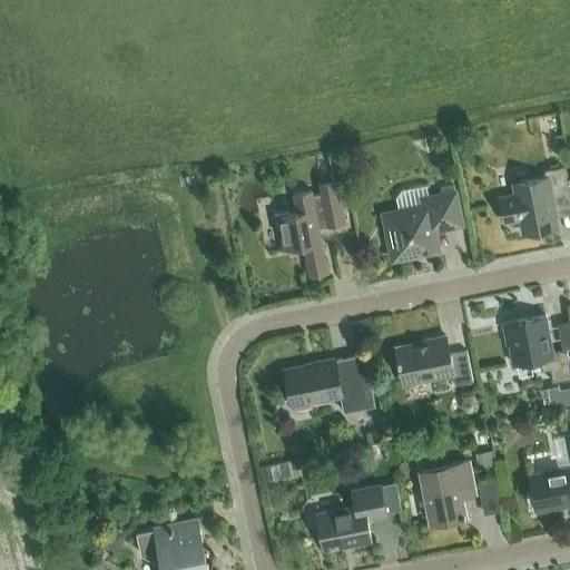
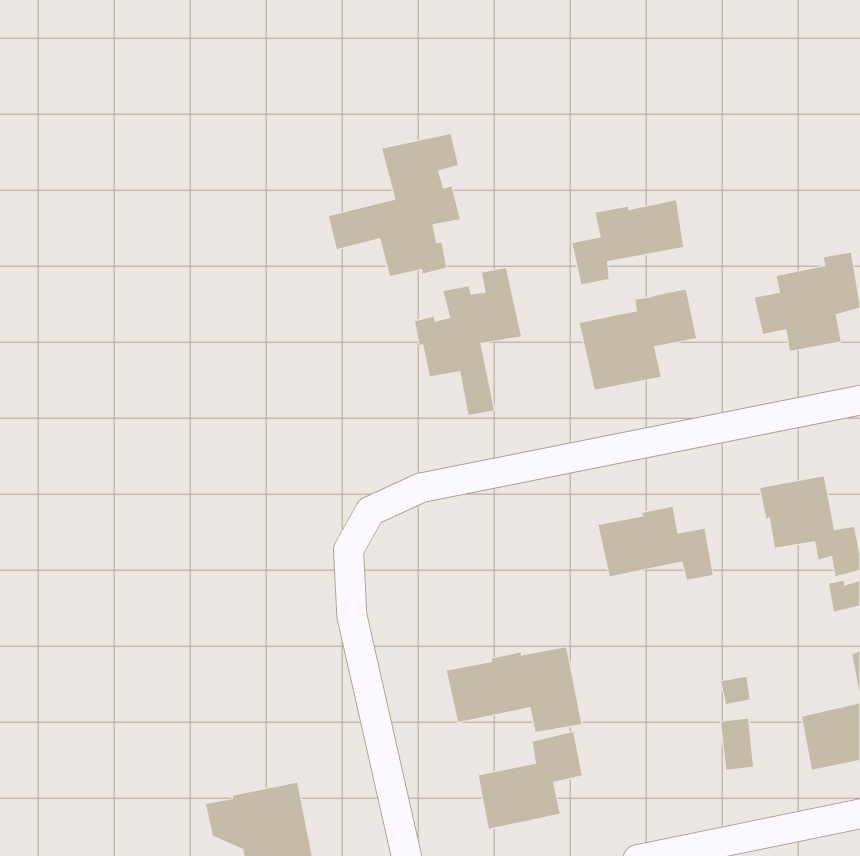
building: none -> [328,133,460,277]
building: none -> [572,199,684,285]
building: [284,356,374,413] -> [446,647,582,733]
building: [421,463,473,524] -> none

